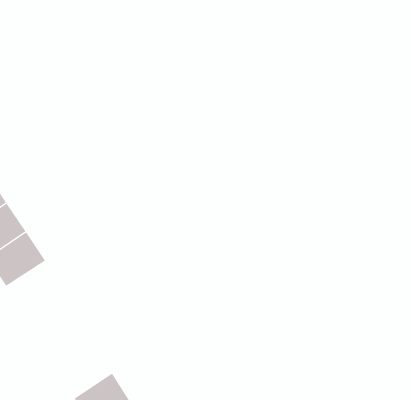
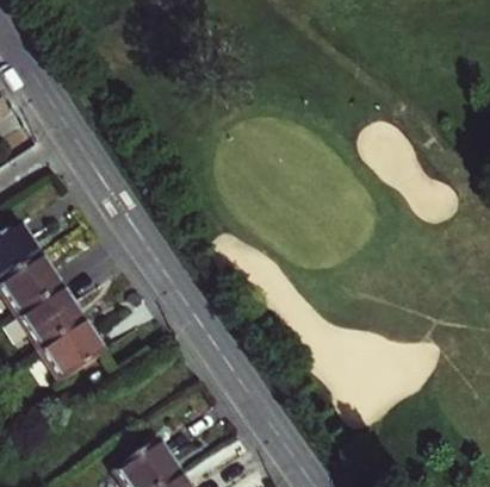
building: none -> [41,319,106,381]

